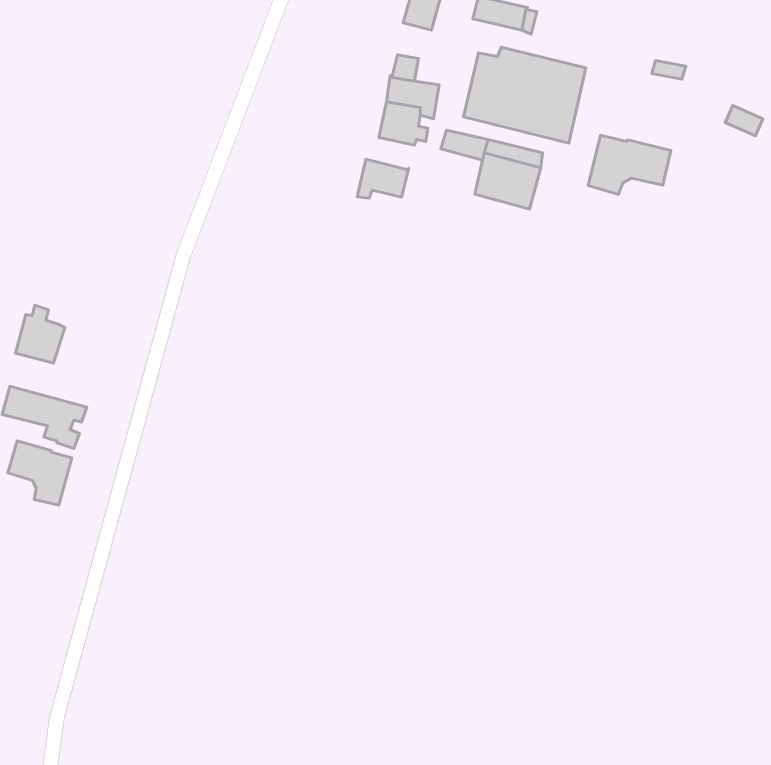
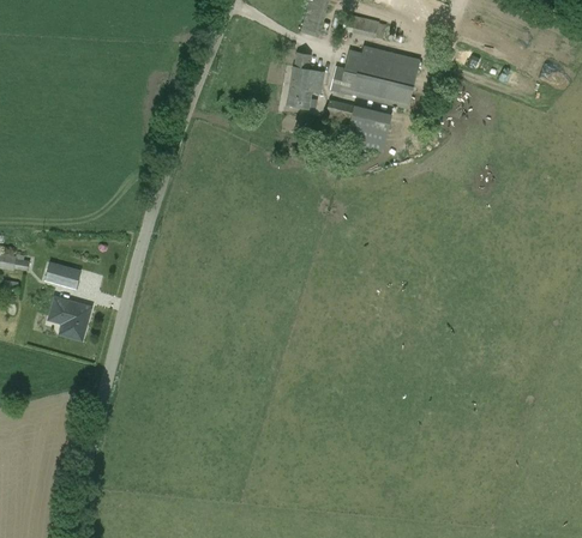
building: [588,135,671,194] -> none
building: [357,159,409,198] -> none
building: [15,305,65,363] -> none

